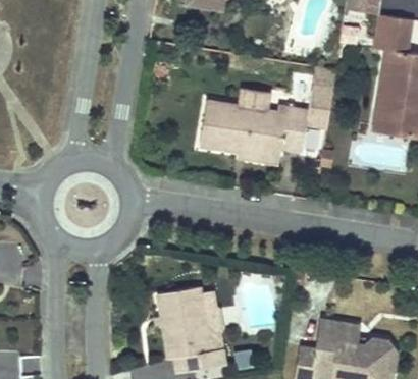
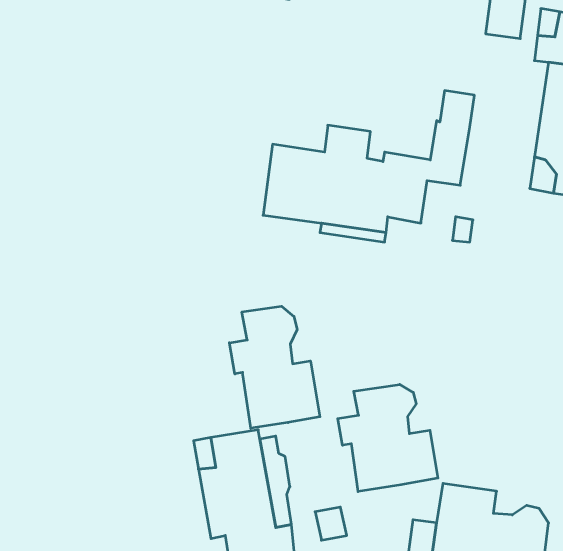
building: none -> [229,306,320,428]
building: none -> [338,384,438,492]

